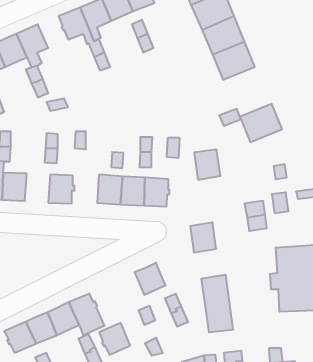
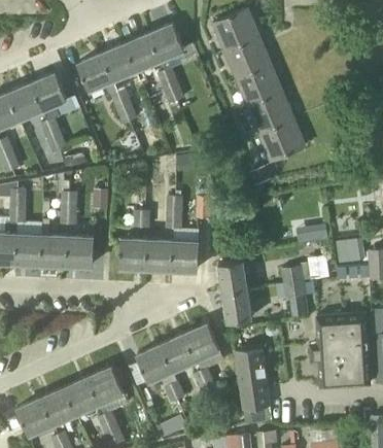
building: [240,104,282,142] -> [258,118,305,161]
building: [194,150,220,180] -> [218,261,247,294]
building: none -> [41,236,69,268]
building: none -> [185,323,219,358]
building: [99,323,130,355] -> [138,344,172,379]

